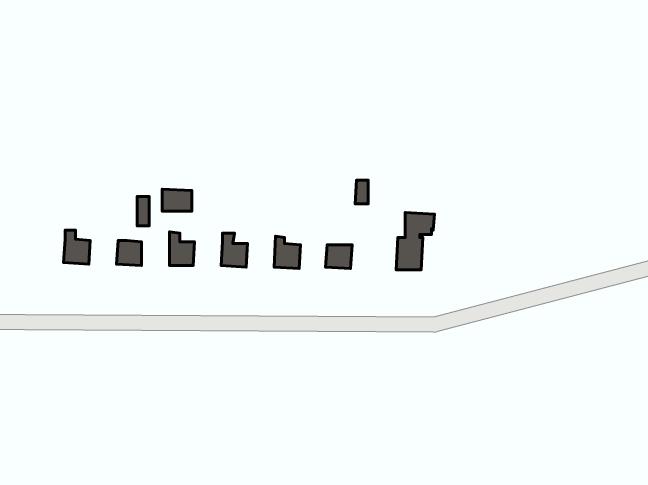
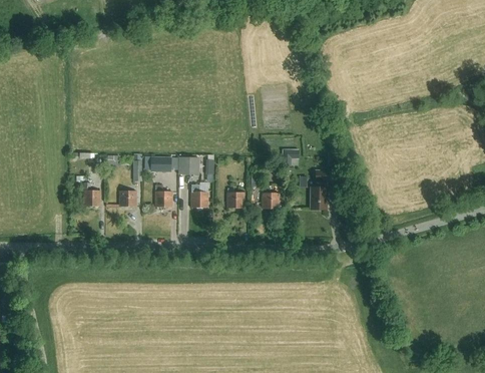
building: none -> [178,156,199,173]

